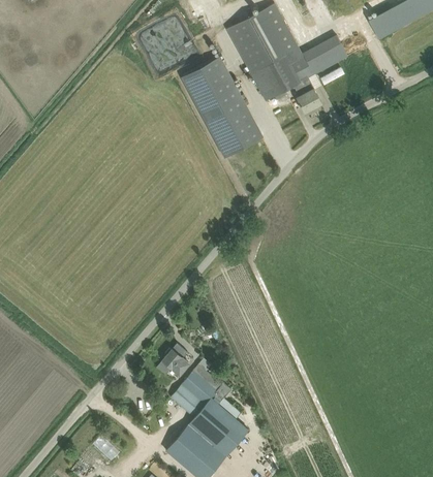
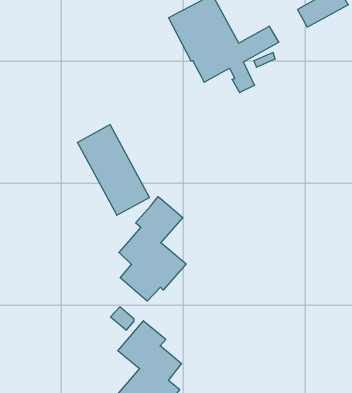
building: [183,57,262,157] -> [77,125,149,215]
building: none -> [119,197,186,301]

